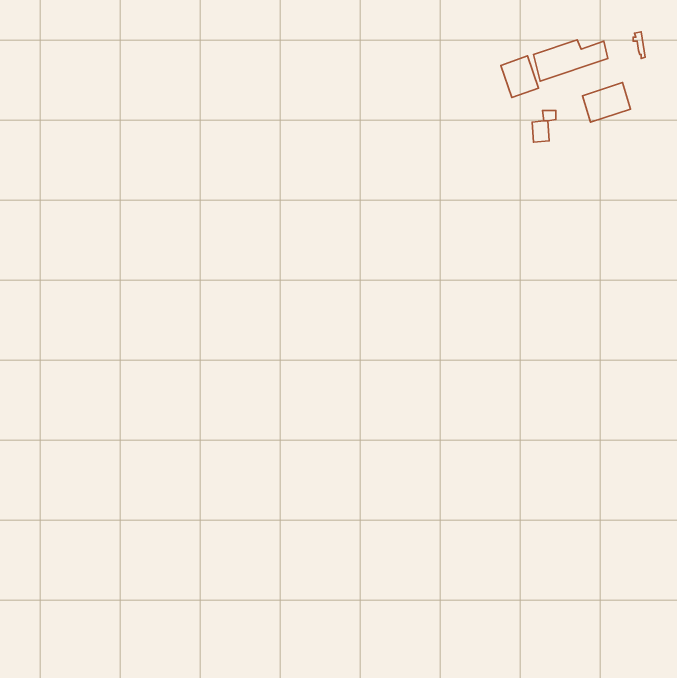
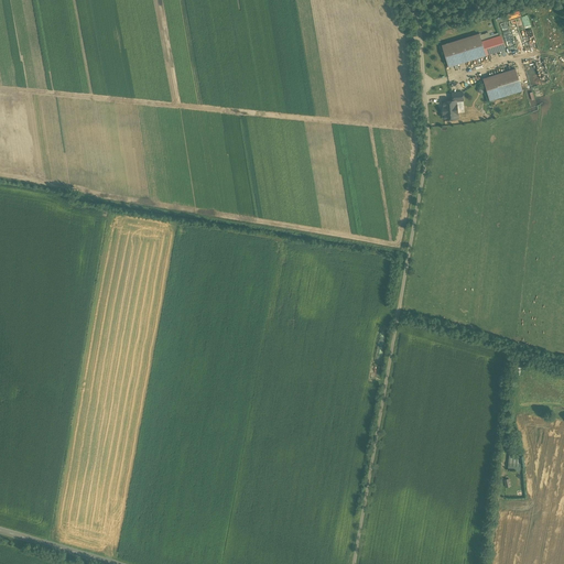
building: [501,56,538,98] -> none

